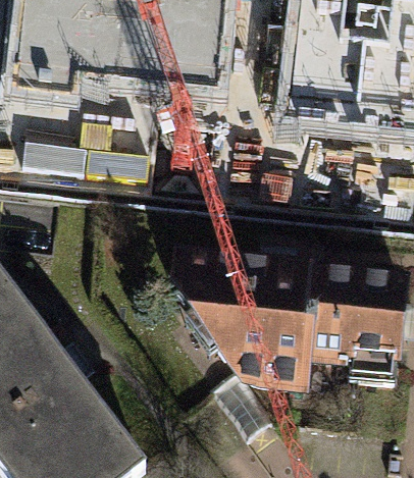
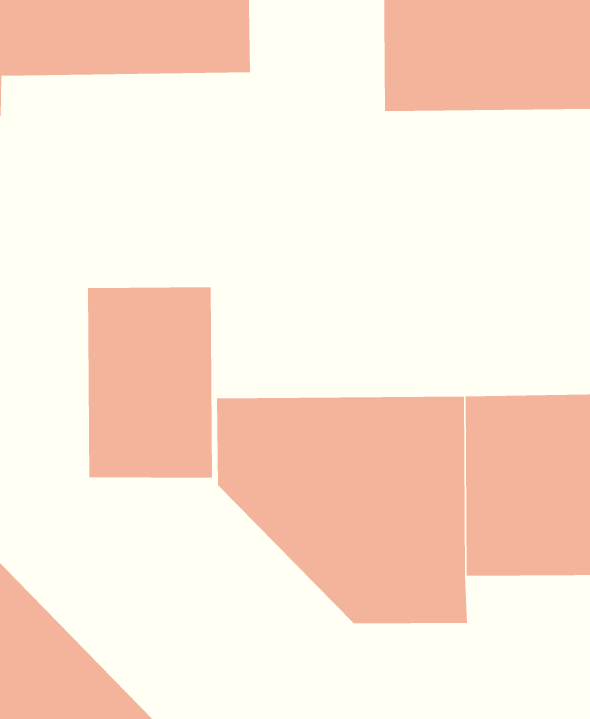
building: none -> [87,286,213,479]

